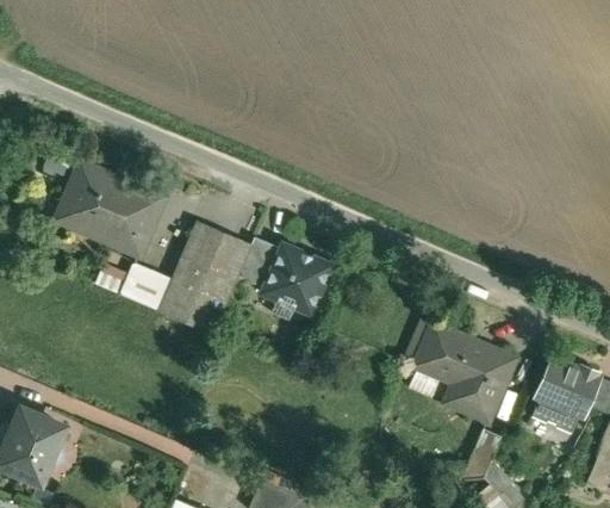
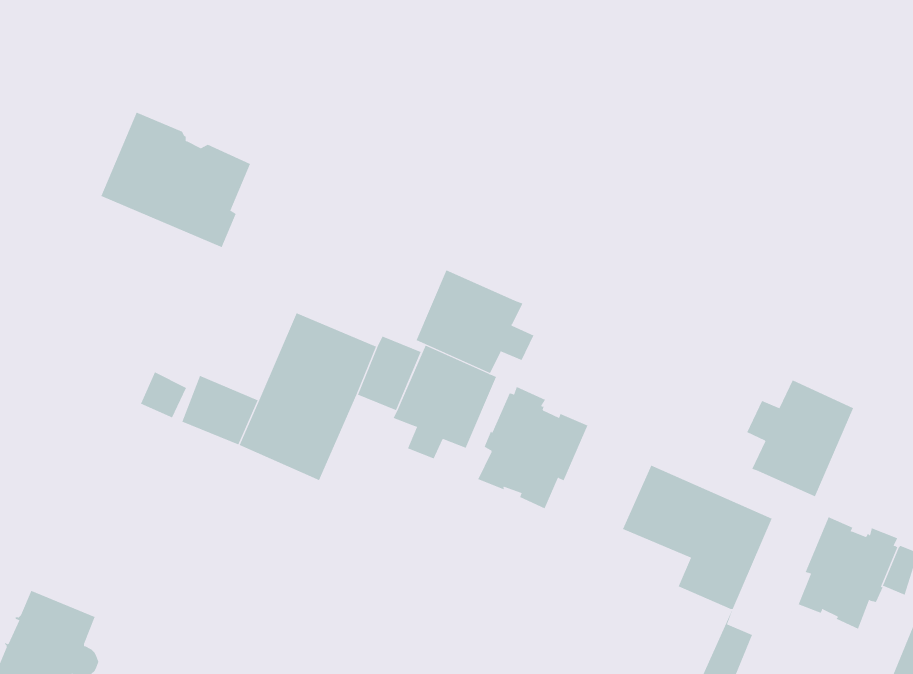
building: [56,163,156,254] -> [100,112,251,248]
building: none -> [416,269,534,374]
building: none -> [746,380,854,497]
building: none -> [478,386,588,509]

